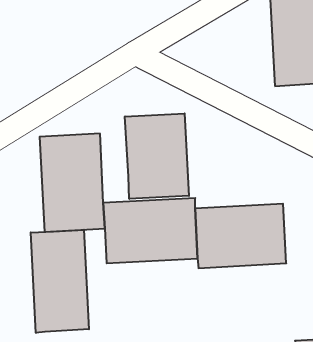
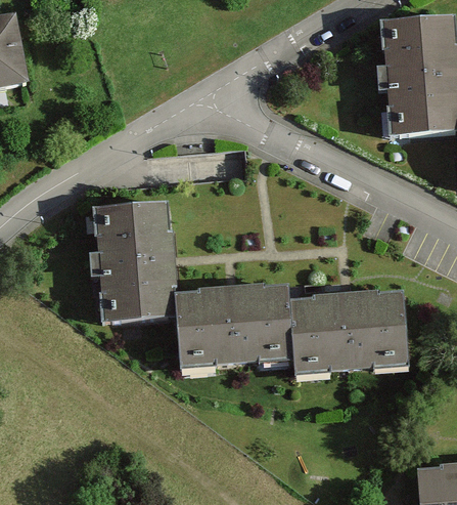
building: [125,113,189,199] -> none
building: [31,230,89,333] -> none

